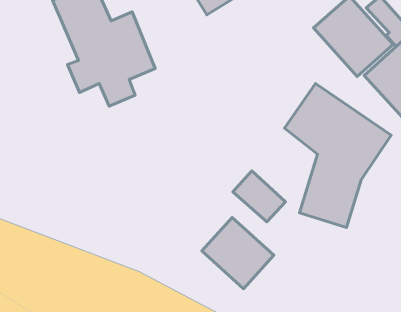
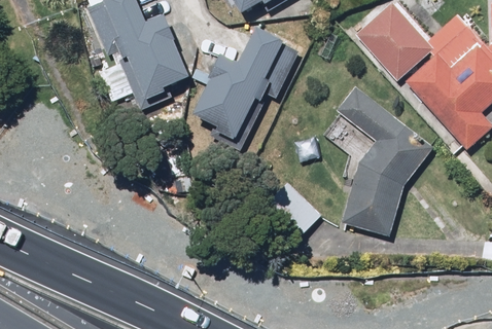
building: none -> [186,26,286,141]
building: [202,217,274,289] -> none

